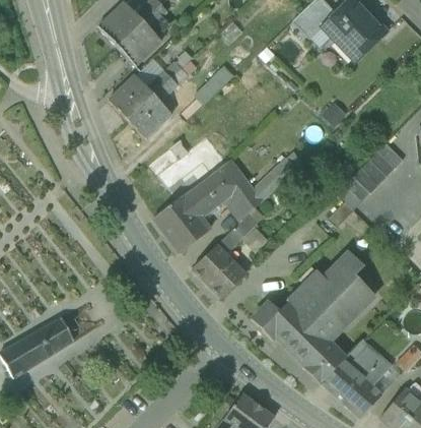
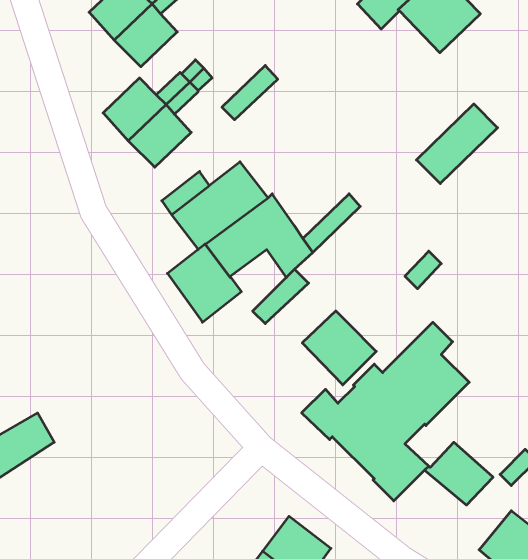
building: [345,142,404,200] -> [416,104,498,184]
building: [193,244,247,298] -> [302,311,376,385]
building: [321,360,382,418] -> none

